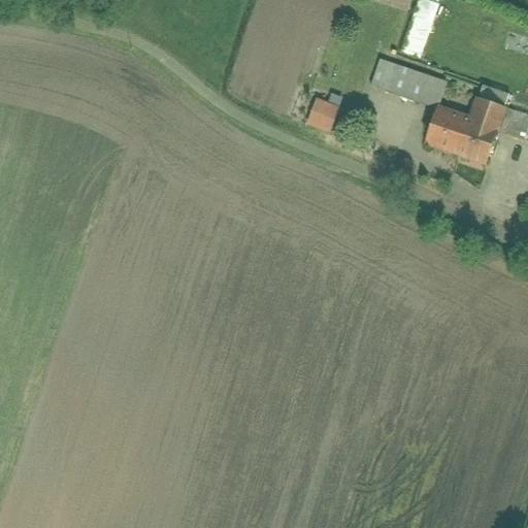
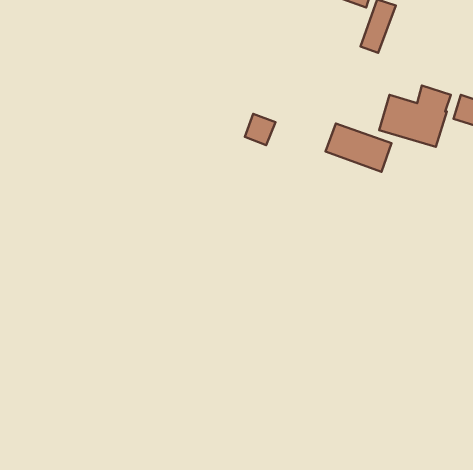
building: [377,53,451,106] -> [326,124,392,172]
building: [307,96,341,131] -> [245,114,275,145]

